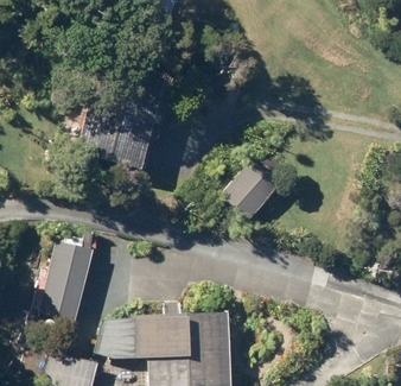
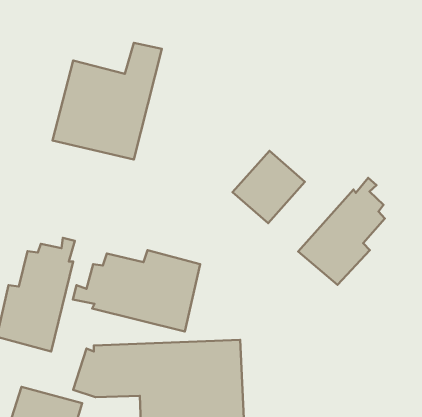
building: none -> [298,178,385,285]
building: none -> [73,250,200,331]

